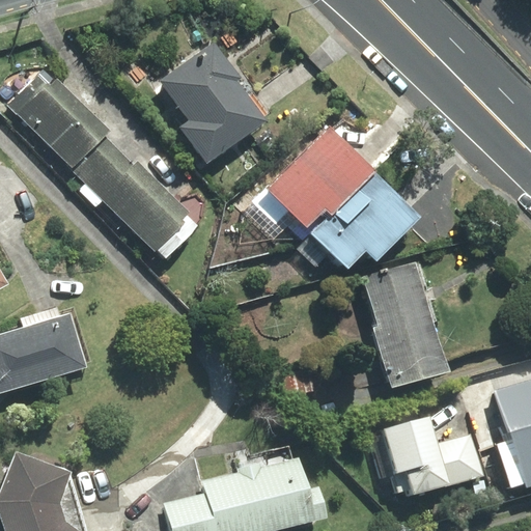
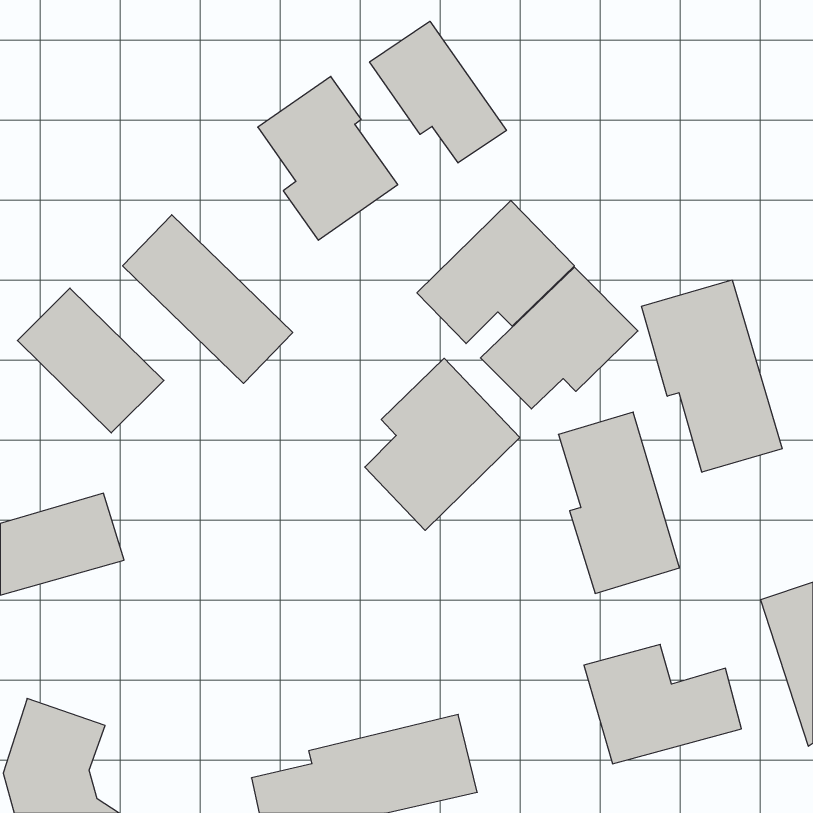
building: none -> [370,21,506,163]
building: [11,74,107,168] -> [17,288,164,433]
building: none -> [642,280,782,472]
building: none -> [365,358,520,530]

